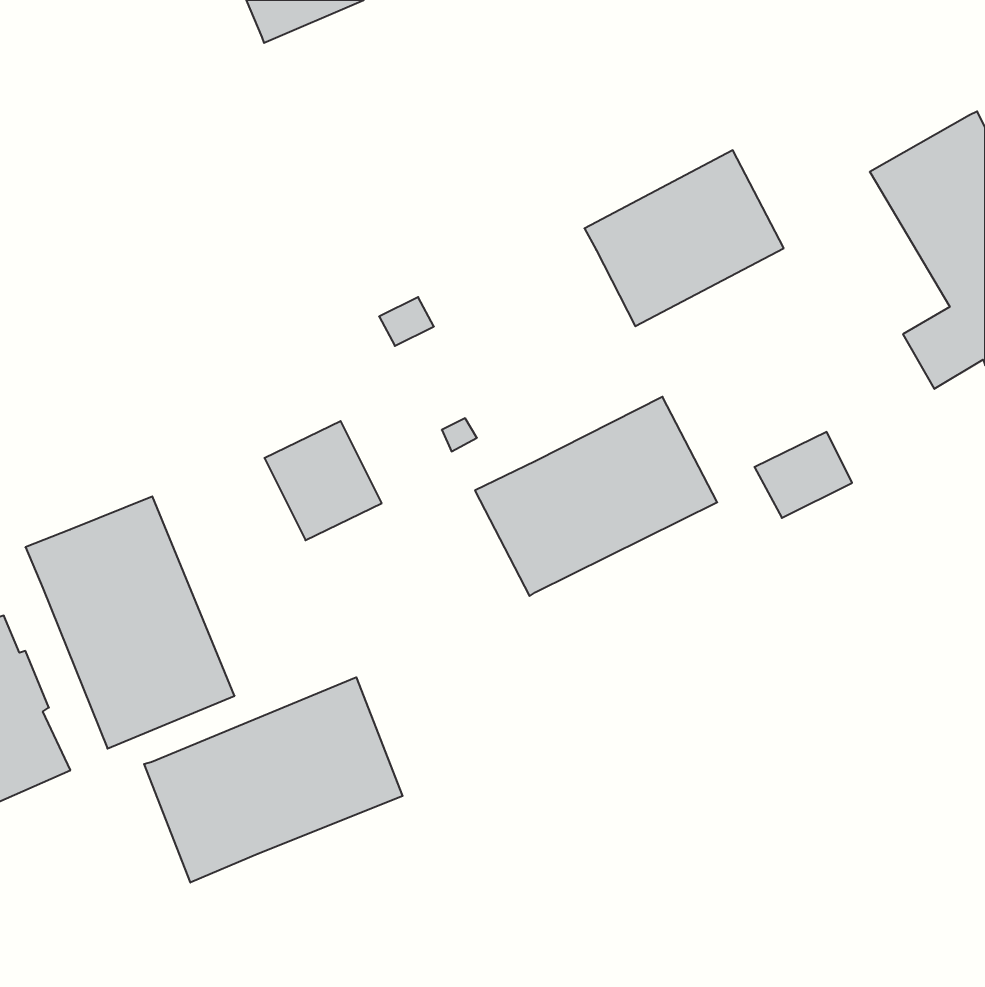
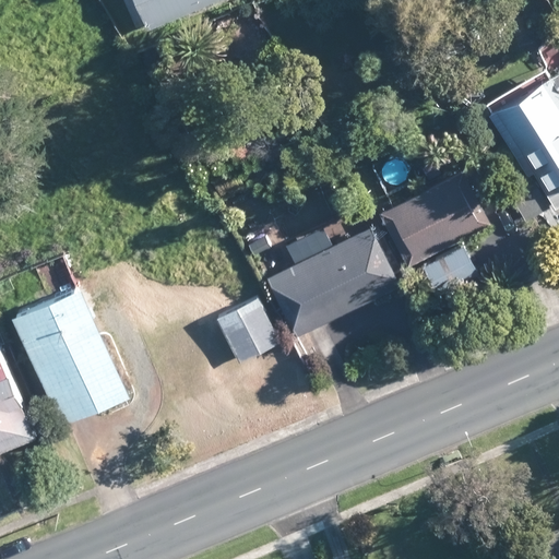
building: [584,150,784,326] -> [379,169,490,267]
building: [264,421,382,540] -> [214,299,280,366]
building: [144,677,403,883] -> none

